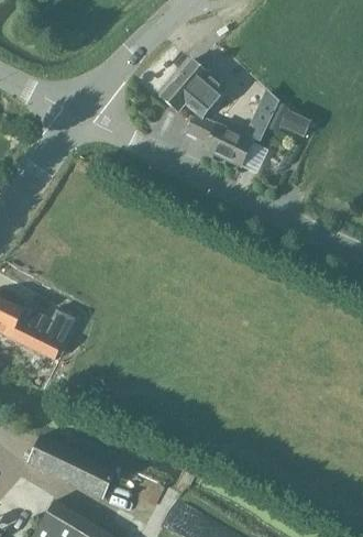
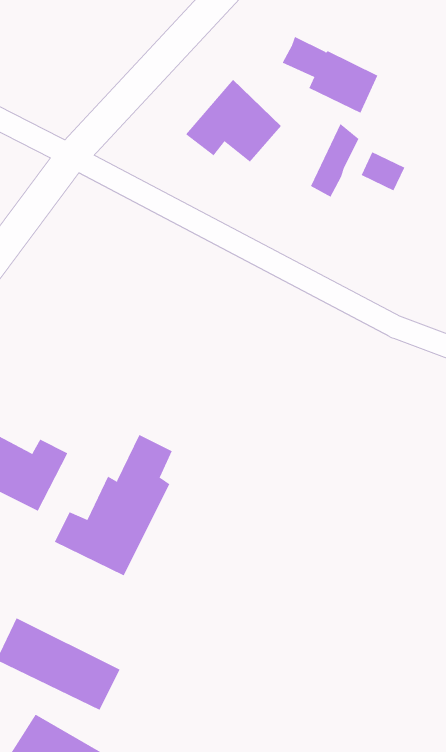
building: [186,113,253,167] -> [282,36,378,114]
building: none -> [54,434,173,576]

